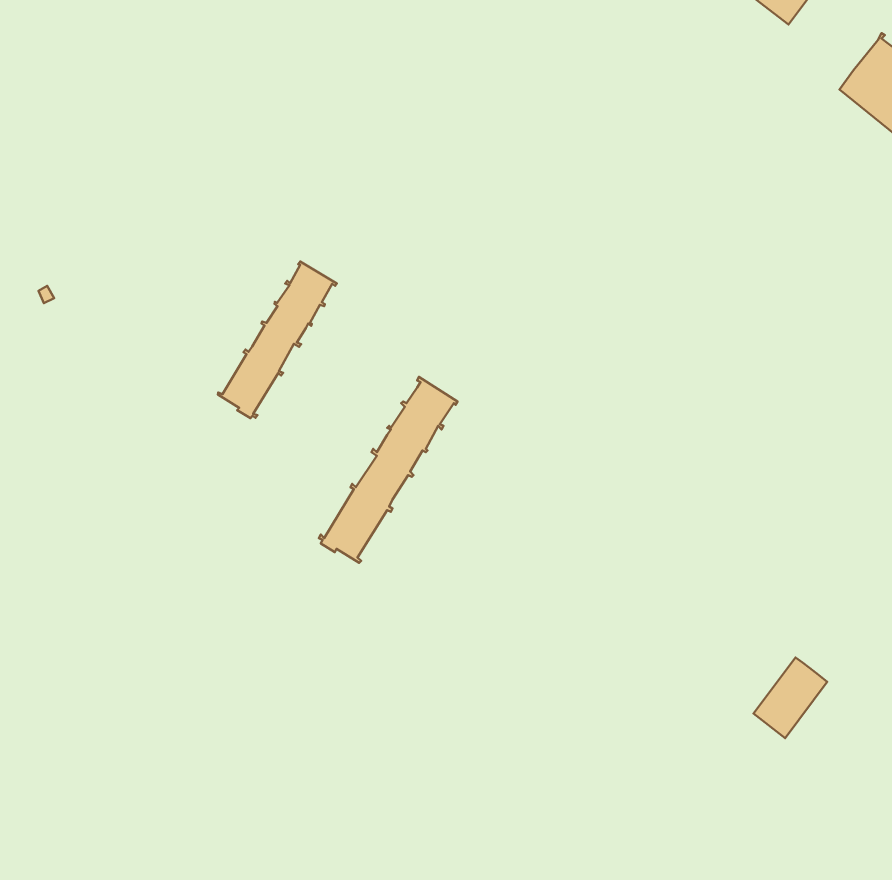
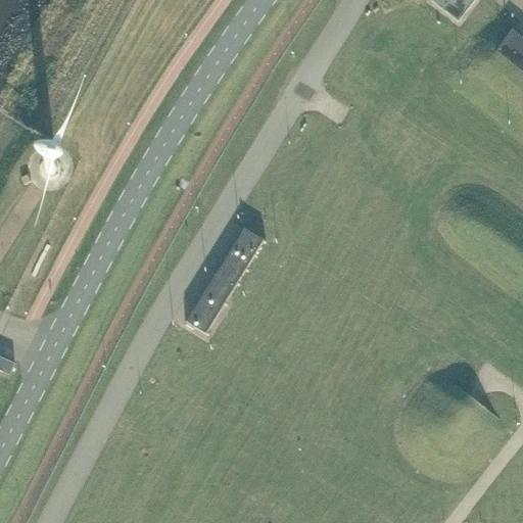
building: [218,261,337,418] -> none

